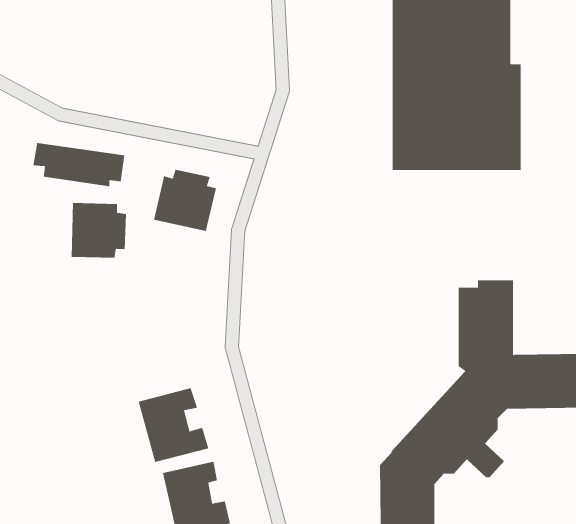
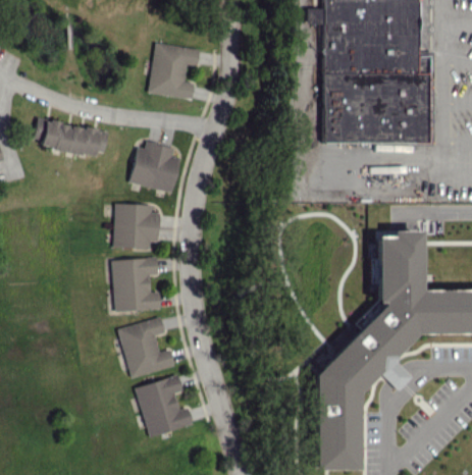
building: none -> [149,43,201,99]
building: [71,202,127,258] -> [115,204,160,249]
building: none -> [113,257,161,311]

